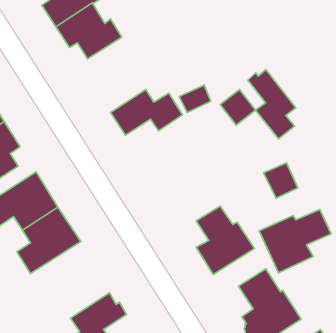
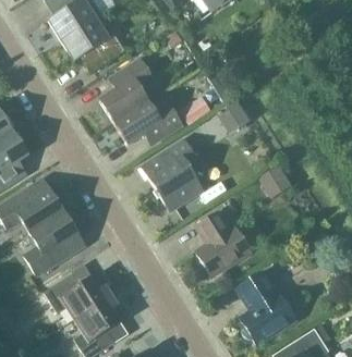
building: none -> [99,59,154,122]
building: [248,70,296,139] -> none
building: none -> [142,139,203,211]
building: [259,210,331,273] -> none
building: none -> [44,270,112,318]

